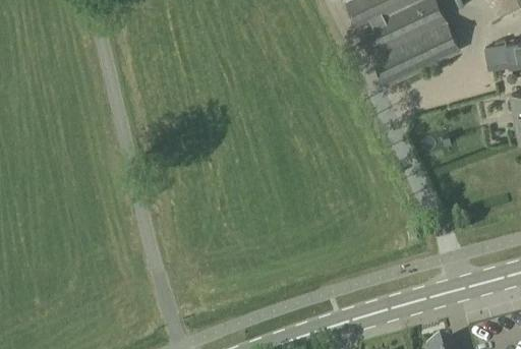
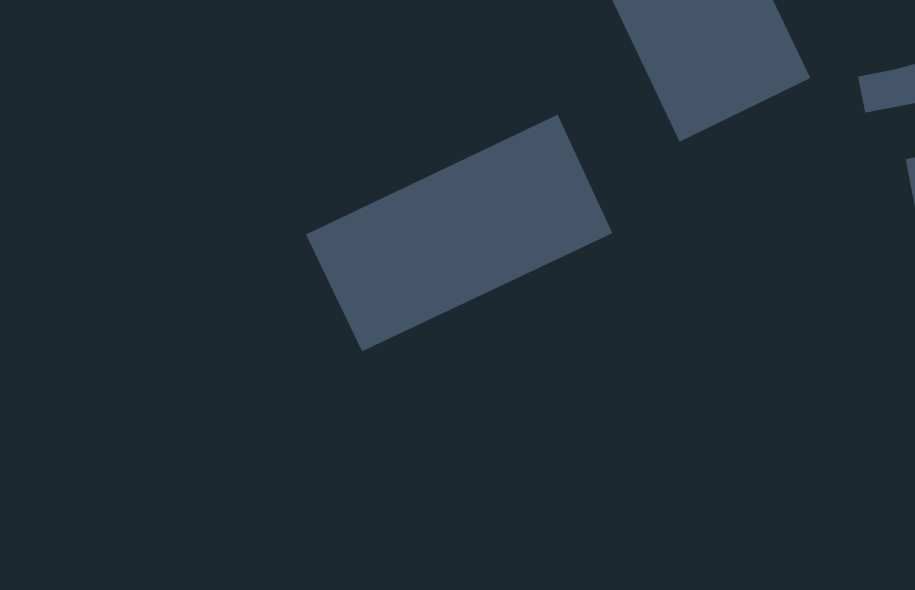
building: none -> [305,114,613,352]

